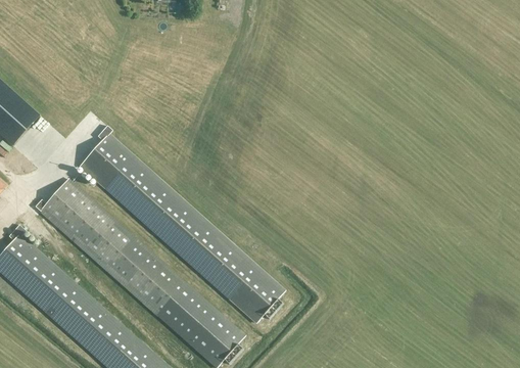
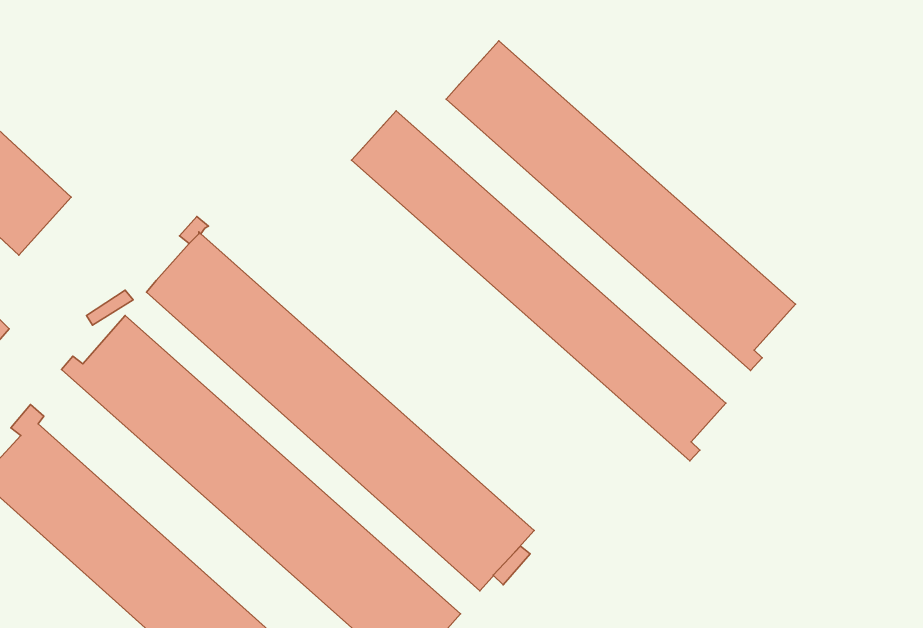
building: none -> [446,41,795,370]
building: none -> [352,111,726,461]

